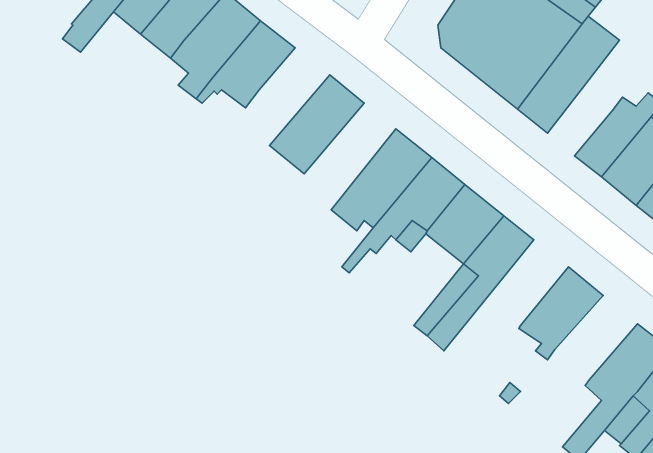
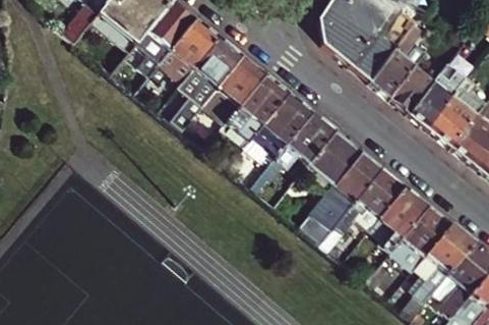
building: none -> [171,36,243,127]
building: none -> [390,62,434,109]
building: none -> [221,73,288,146]
building: none -> [320,166,405,249]
building: none -> [395,204,451,261]

